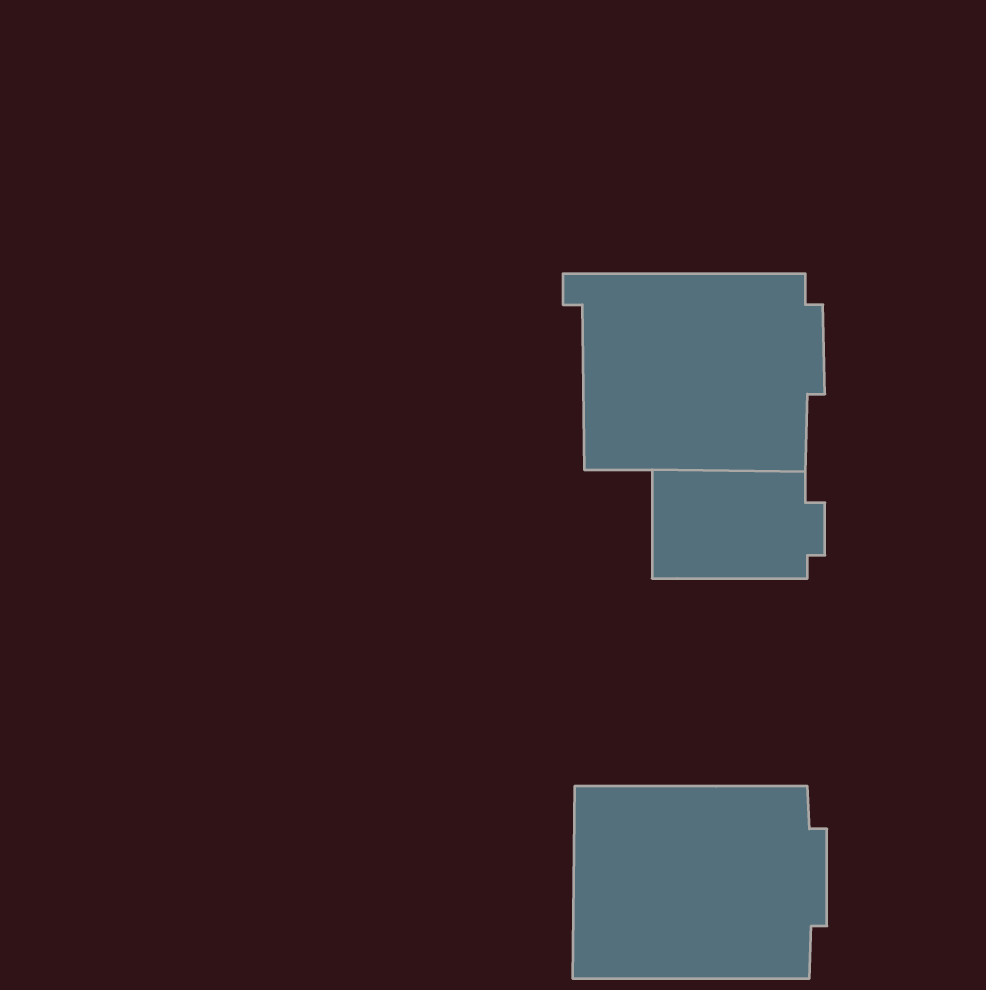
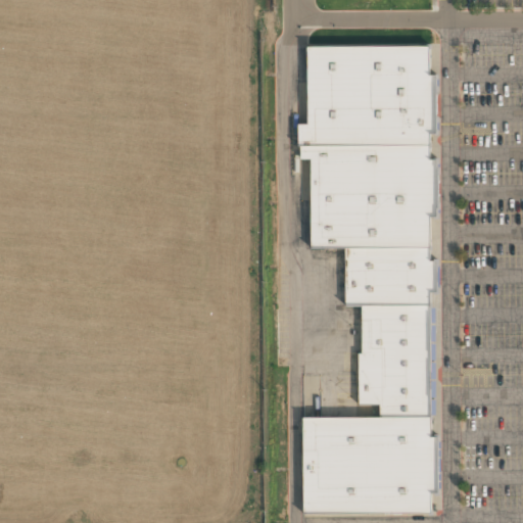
building: none -> [299,45,436,145]
building: none -> [360,305,428,415]

